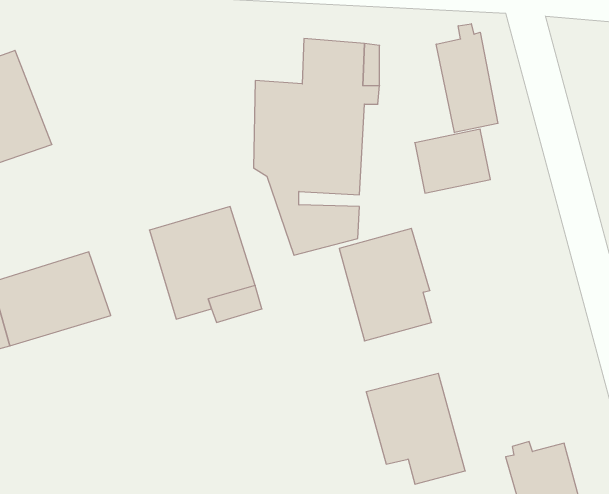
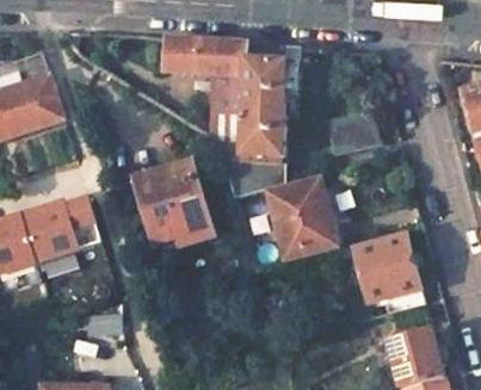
building: [436,24,498,133] -> none
building: none -> [159,36,243,75]
building: [366,373,465,484] -> [351,235,421,314]

